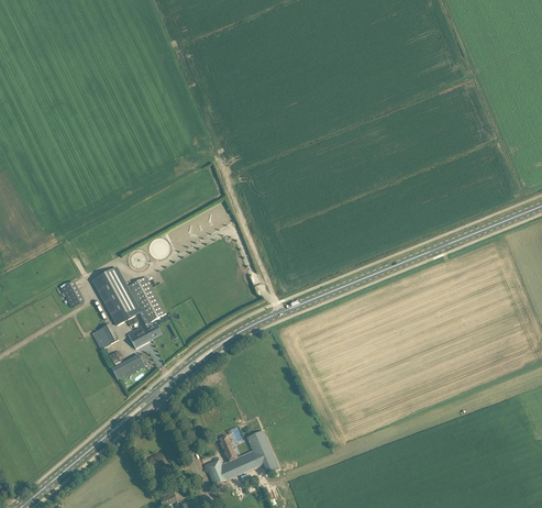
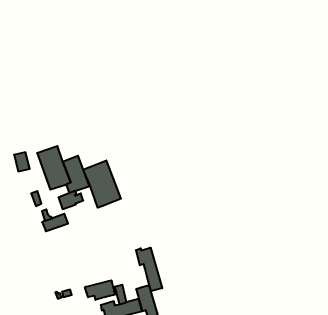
building: none -> [83,160,121,208]
building: none -> [136,248,162,291]
building: none -> [85,280,115,300]

